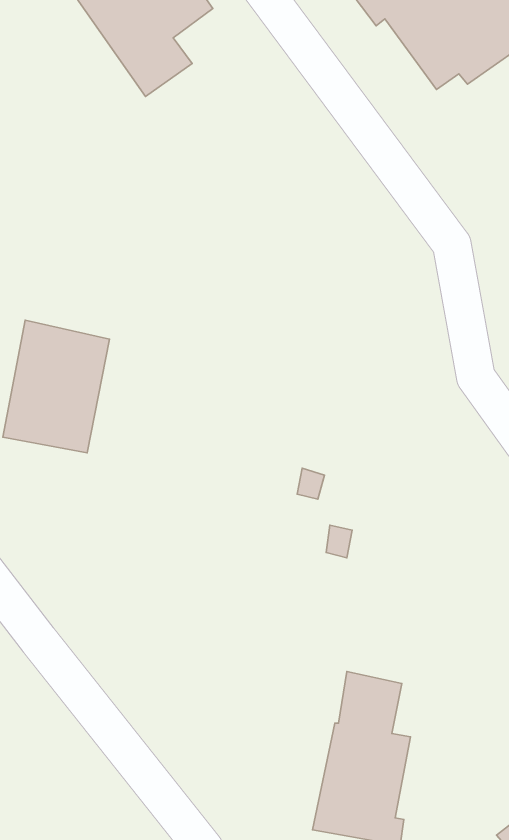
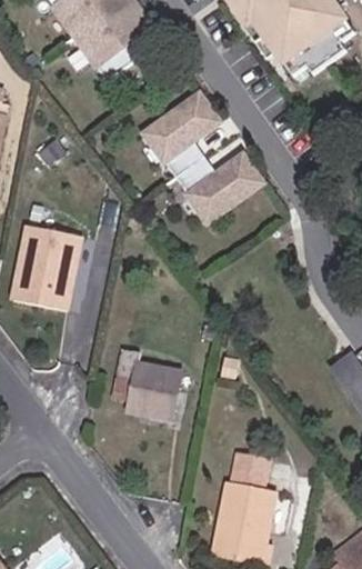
building: none -> [141,92,261,221]
building: none -> [112,347,180,418]

